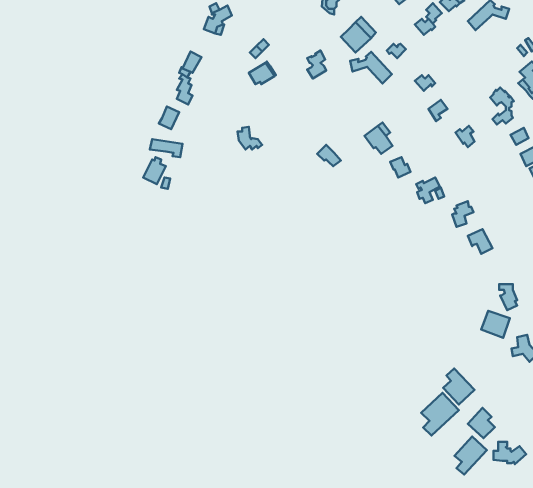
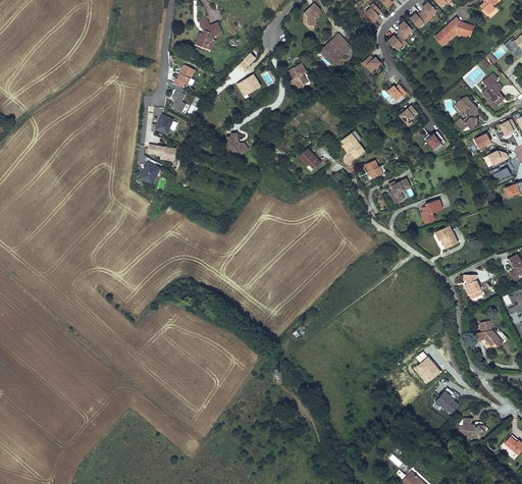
building: [350,52,392,83] -> none
building: [481,311,510,338] -> none
building: [421,393,459,436] -> none
building: [454,436,487,474] -> none

